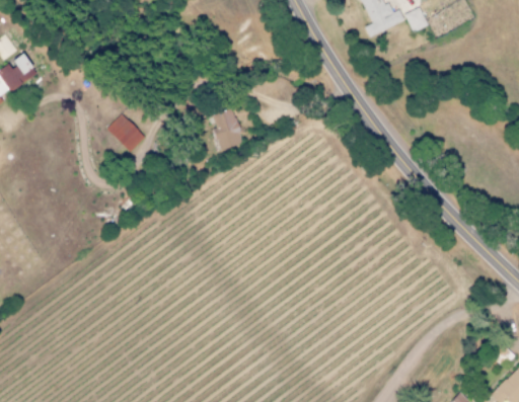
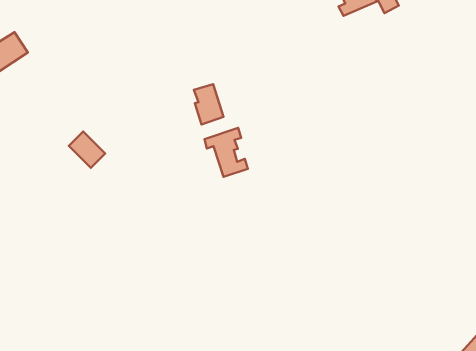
building: [107,113,146,152] -> [69,131,105,168]
building: none -> [204,128,248,177]

